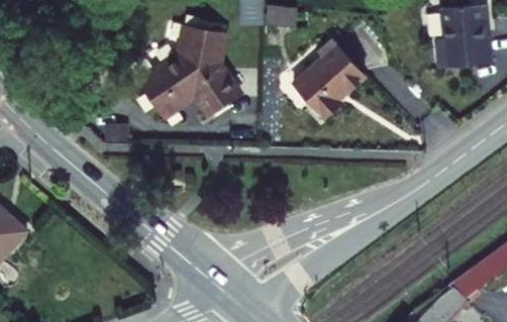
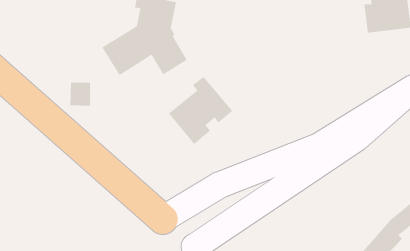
building: [287,39,361,117] -> [168,76,233,145]

